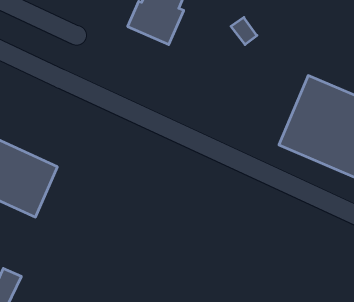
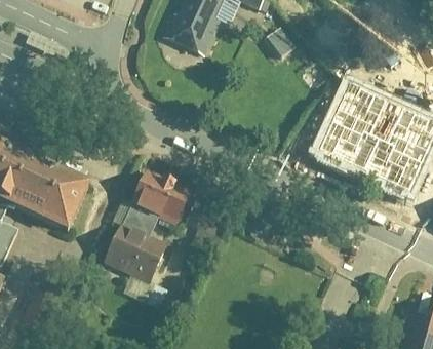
building: none -> [103,166,192,280]

